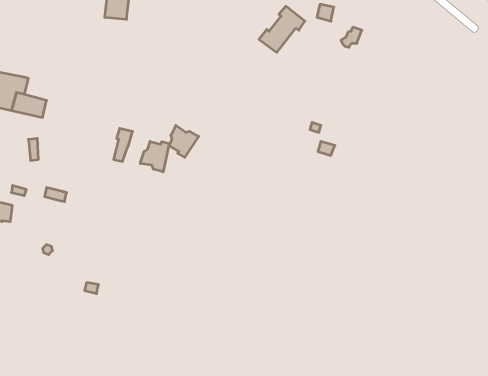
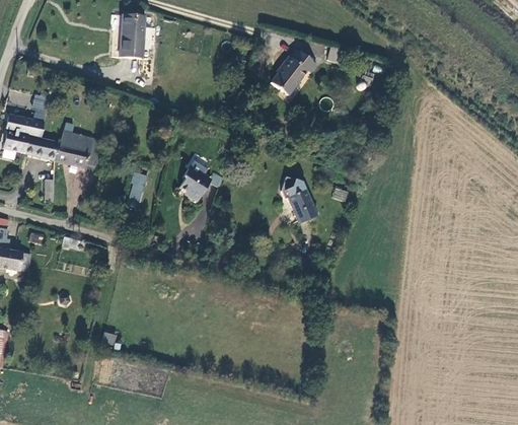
building: none -> [54,123,103,166]
building: none -> [286,178,320,224]
building: [140,141,169,172] -> none

